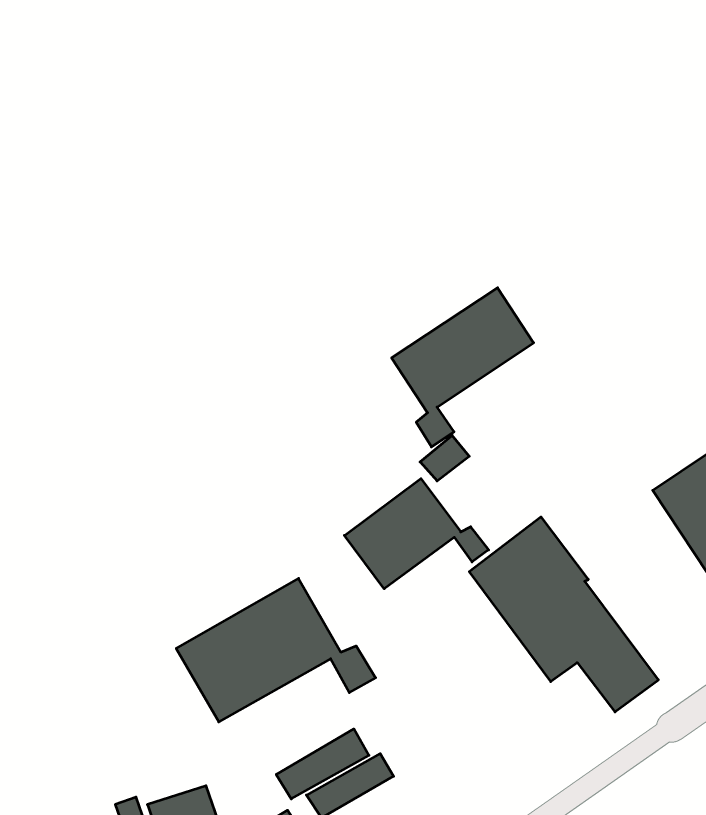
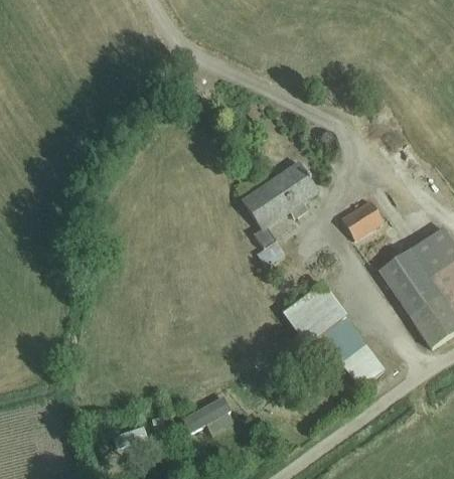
building: none -> [342,199,386,238]
building: [344,479,489,589] -> none
building: [176,578,376,722] -> none

